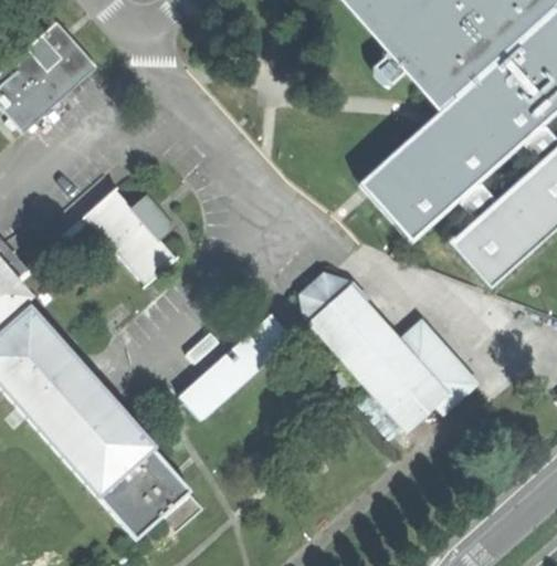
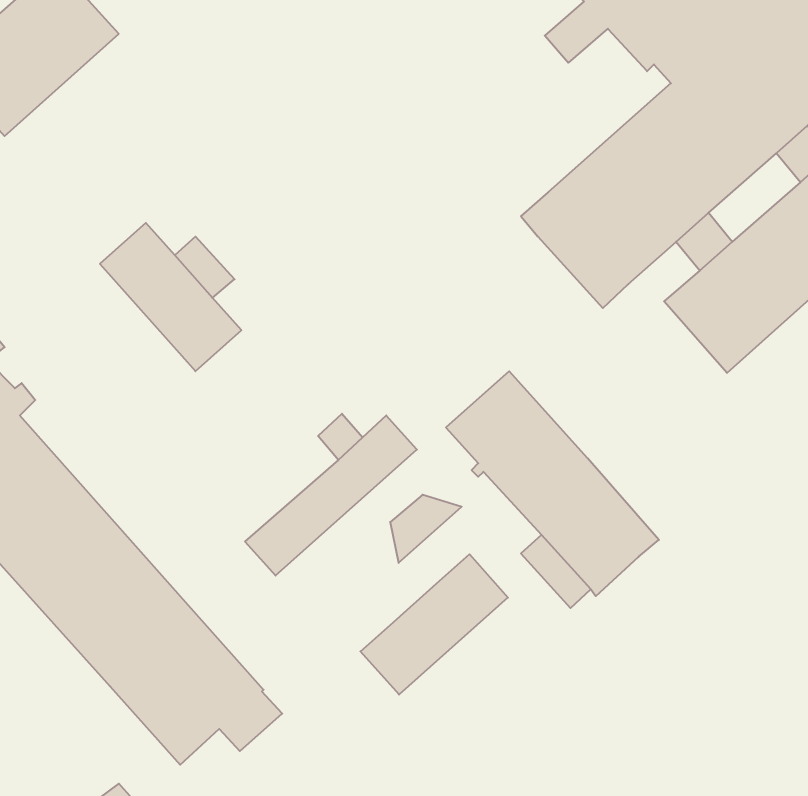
building: [304,276,350,321] -> [390,495,462,563]
building: [401,323,475,412] -> none
building: none -> [360,554,508,695]

